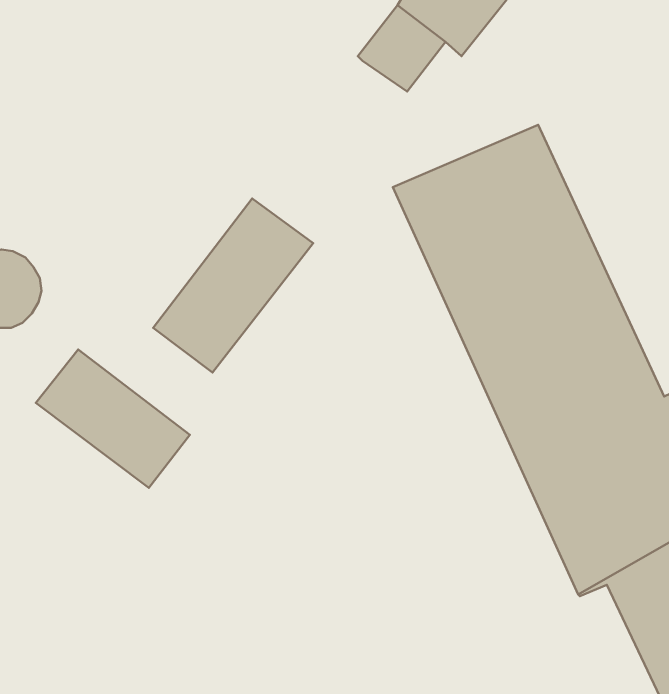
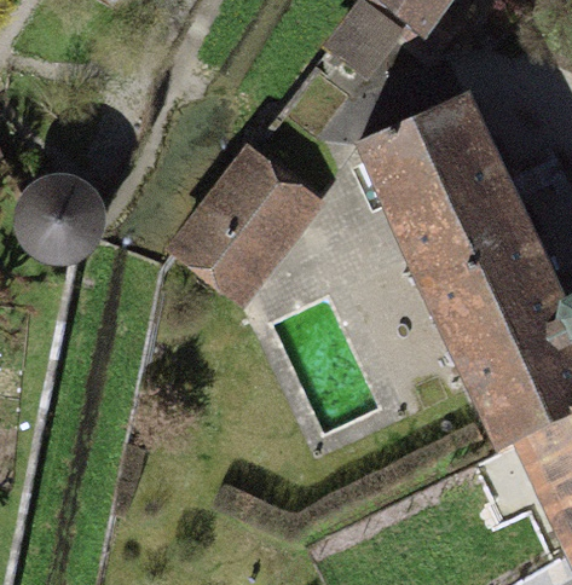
building: [36,349,190,488] -> none

